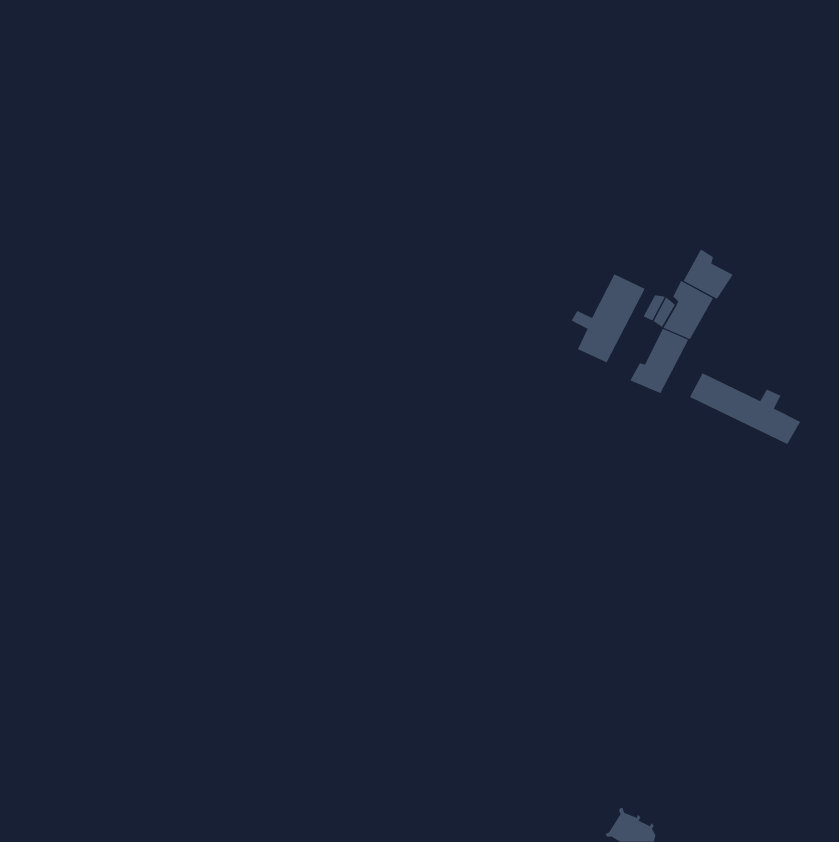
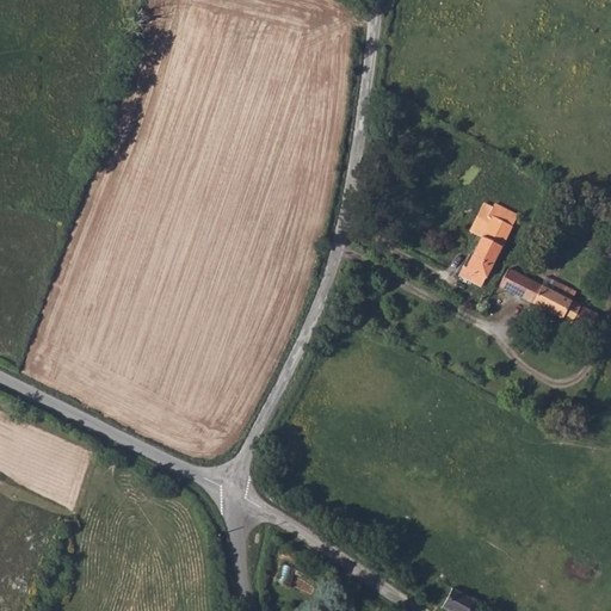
building: [683,249,734,299] -> none
building: [571,273,645,363] -> none

